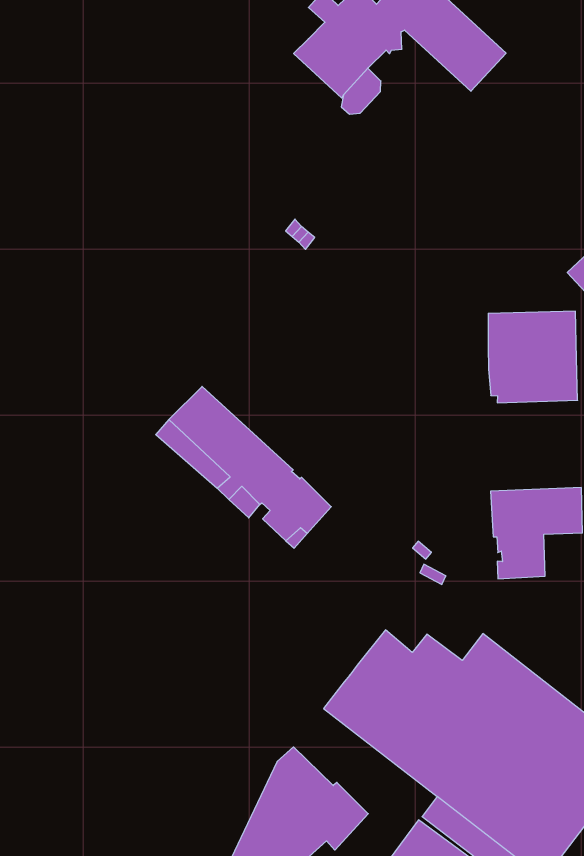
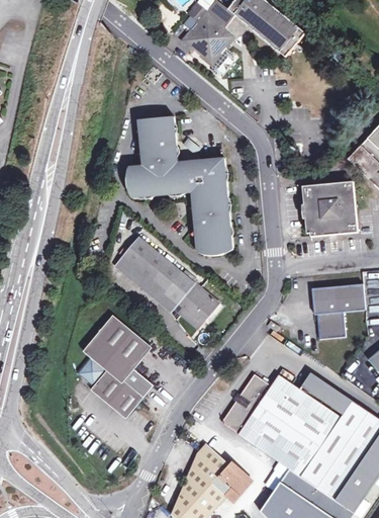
building: none -> [125,115,232,256]
building: none -> [77,315,153,418]

